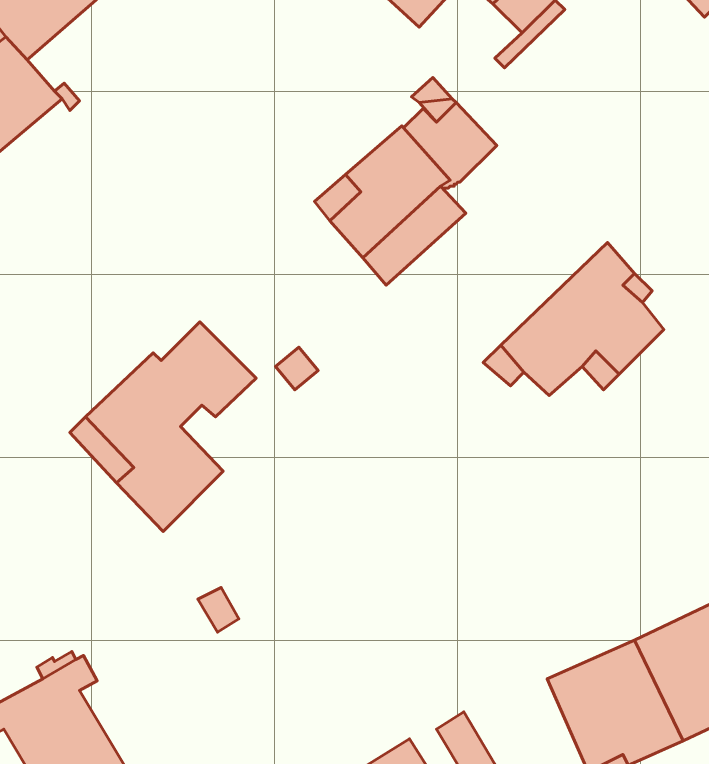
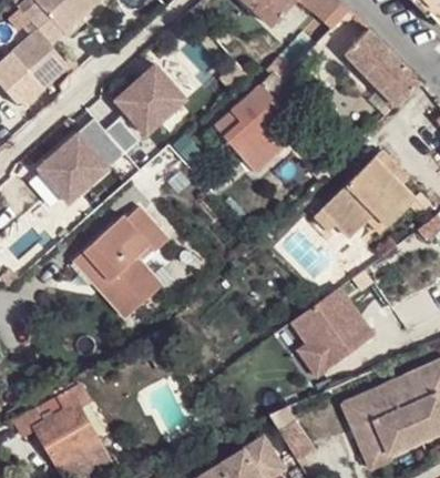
building: none -> [341,30,419,105]
building: none -> [113,65,185,136]
building: none -> [37,120,124,205]
building: none -> [289,286,371,376]

